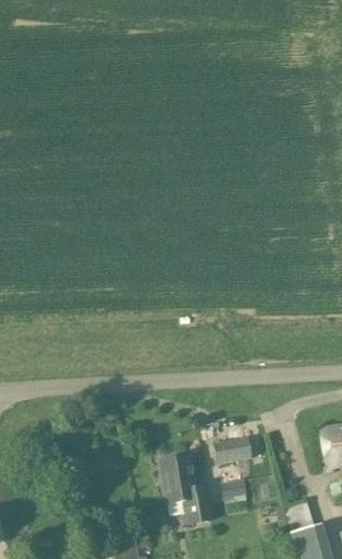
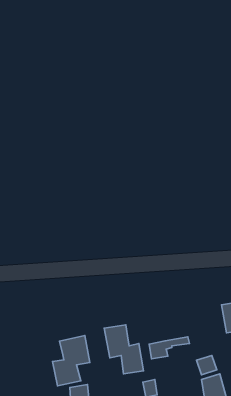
building: [212,436,263,465] -> none
building: none -> [52,336,90,386]

